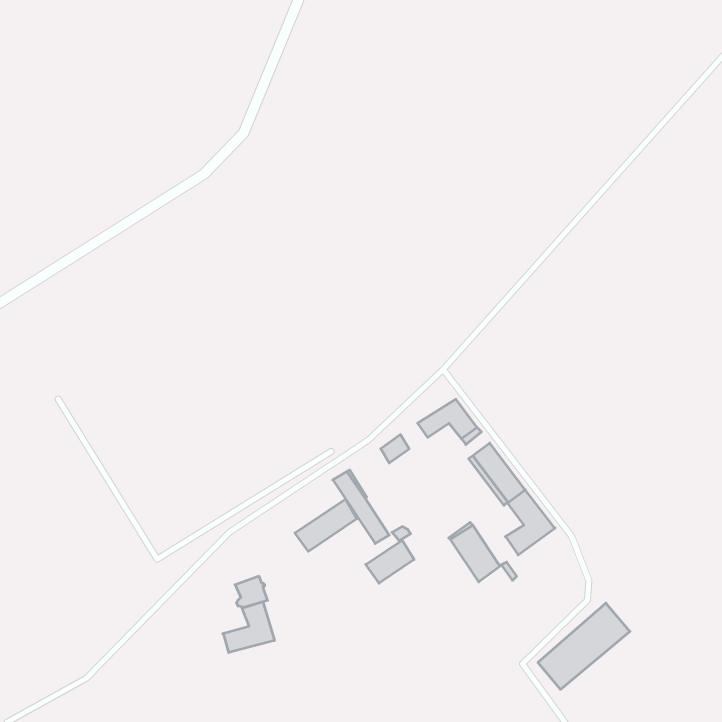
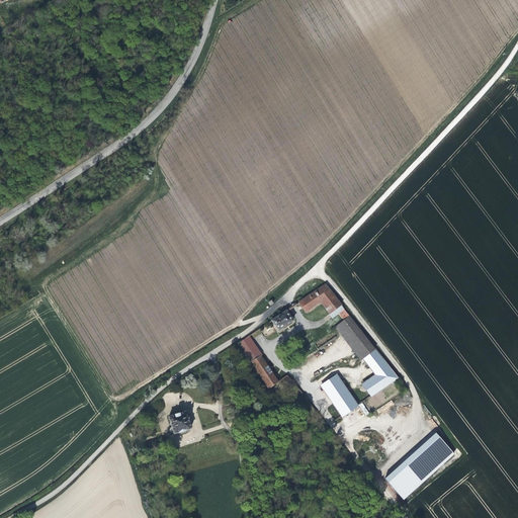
building: [295,499,357,551] -> none
building: [366,540,414,583] -> none
building: [223,602,274,653] -> none

